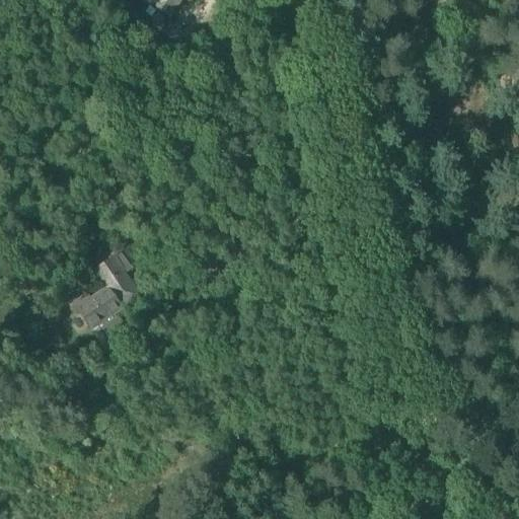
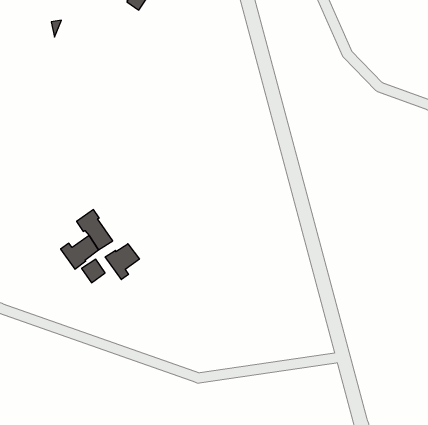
building: none -> [105,244,139,280]

